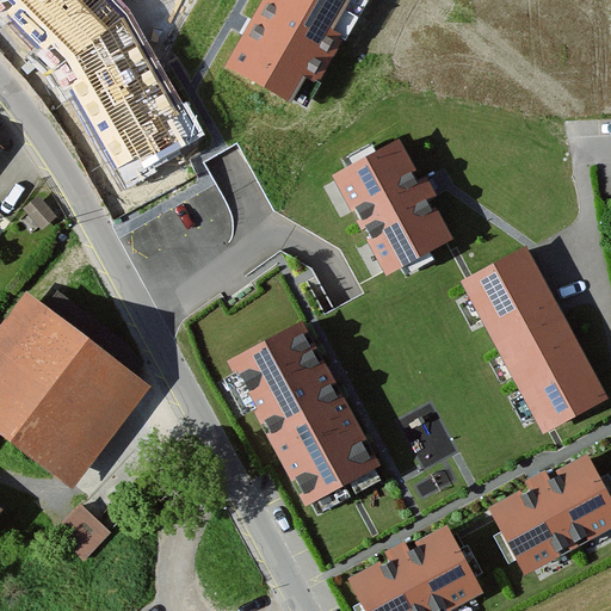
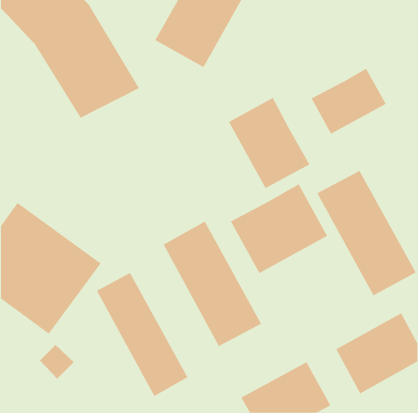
building: none -> [311,68,386,135]
building: none -> [230,184,328,274]
building: none -> [96,272,188,397]

